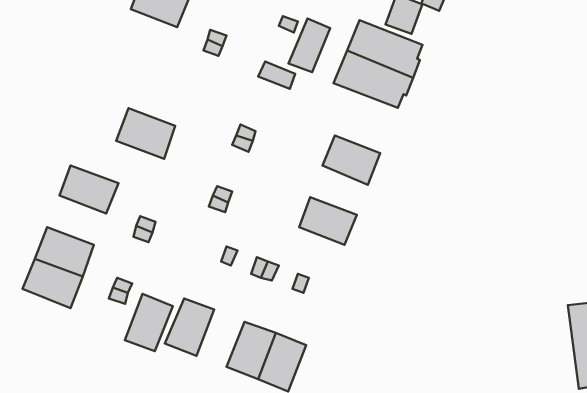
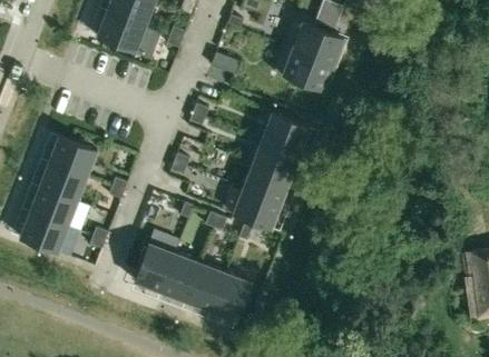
building: [289,18,330,72] -> none
building: [116,108,175,159] -> [97,10,145,51]
building: none -> [253,137,300,177]
building: none -> [39,161,87,201]
building: none -> [234,187,281,227]
building: [125,294,173,351] -> [160,254,199,300]

